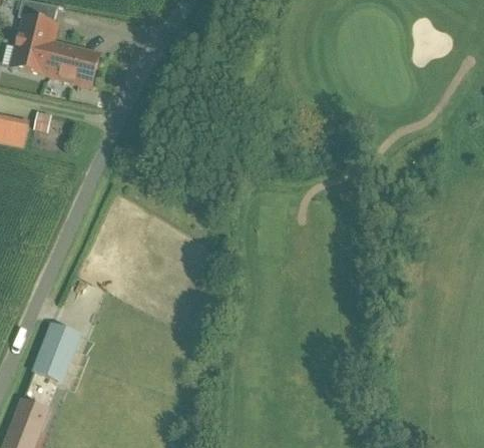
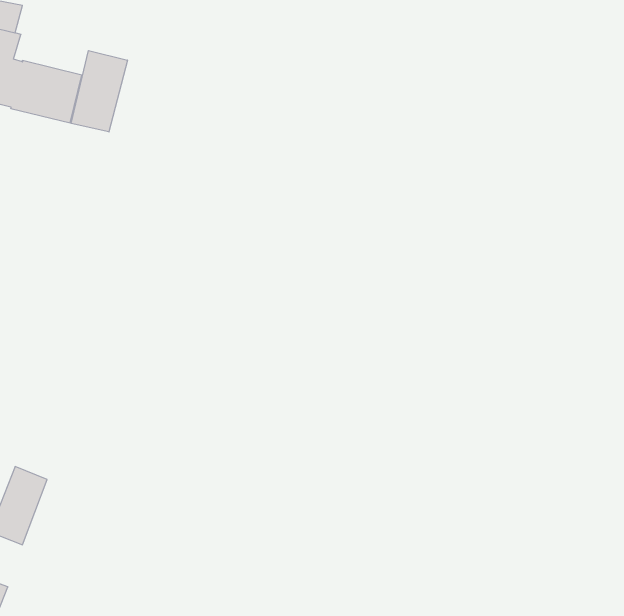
building: none -> [71,51,127,132]

